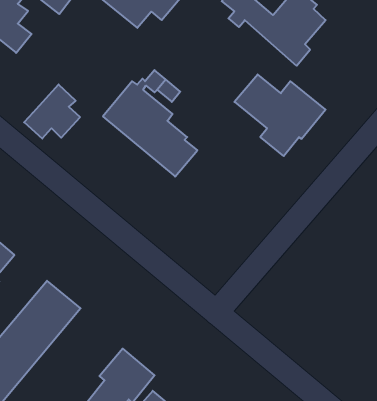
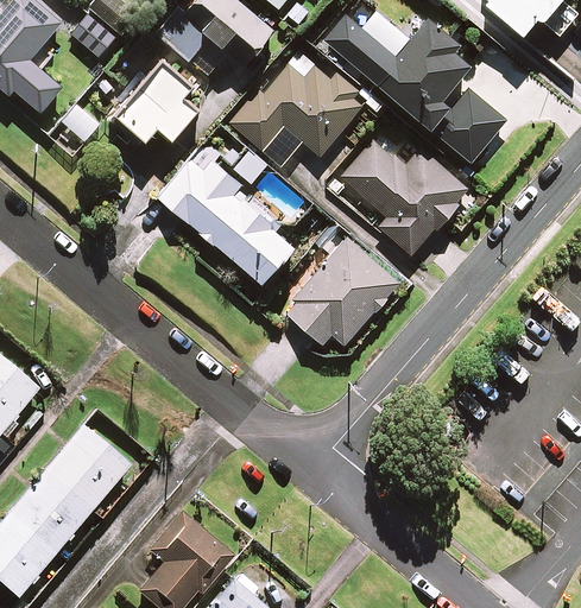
building: none -> [230,48,367,165]
building: none -> [437,88,513,166]
building: [24,84,80,139] -> [118,64,195,139]
building: none -> [284,236,398,343]

